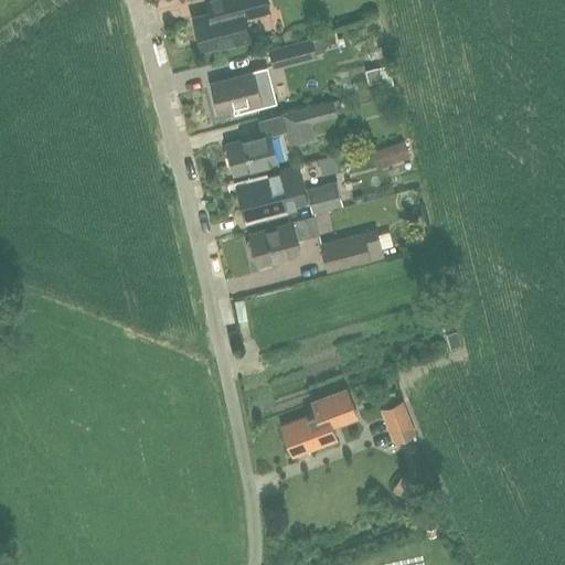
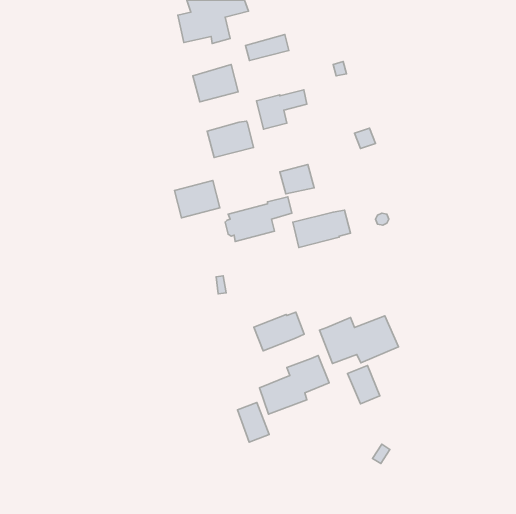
building: [238,179,288,220] -> [175,180,220,218]
building: none -> [254,312,304,351]
building: none -> [320,316,398,364]
building: none -> [237,403,269,442]

